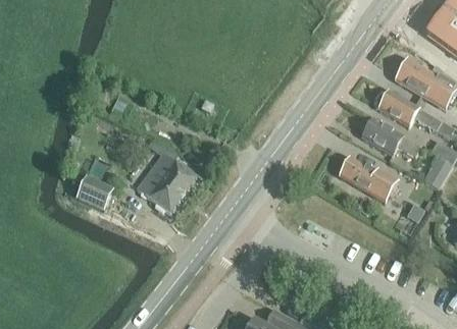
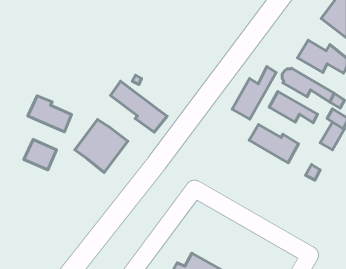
building: none -> [232,67,276,119]
building: none -> [111,81,167,132]
building: none -> [28,96,72,132]

